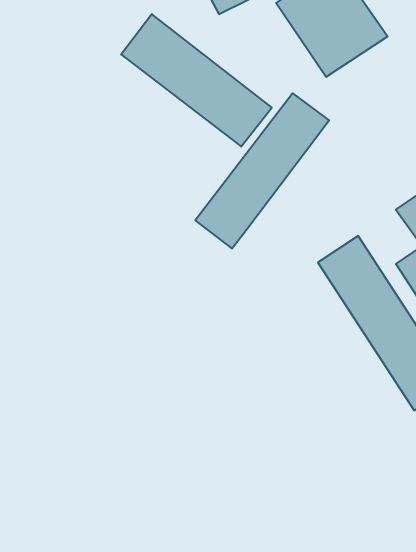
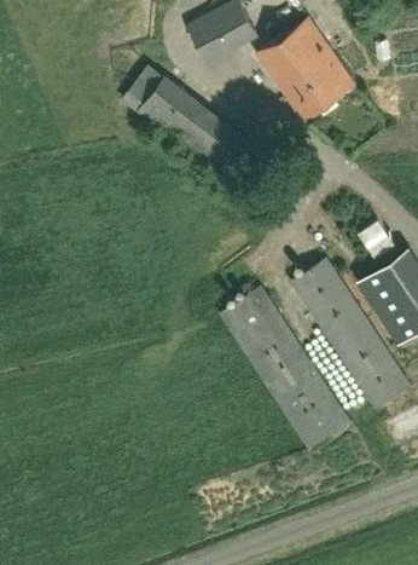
building: [195,93,329,249] -> none
building: none -> [221,287,350,449]

